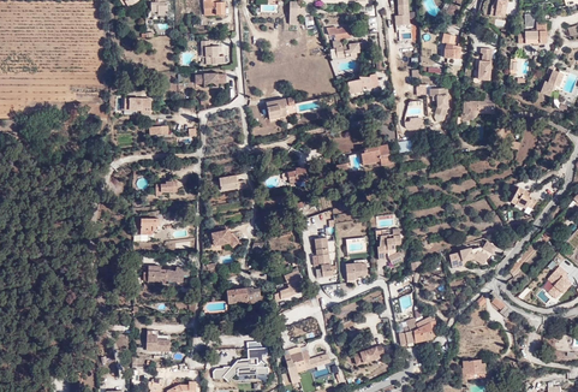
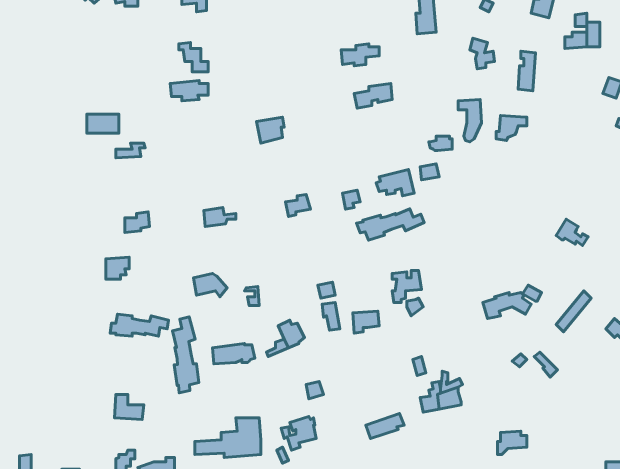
building: none -> [357,209,424,240]
building: none -> [172,317,199,393]

